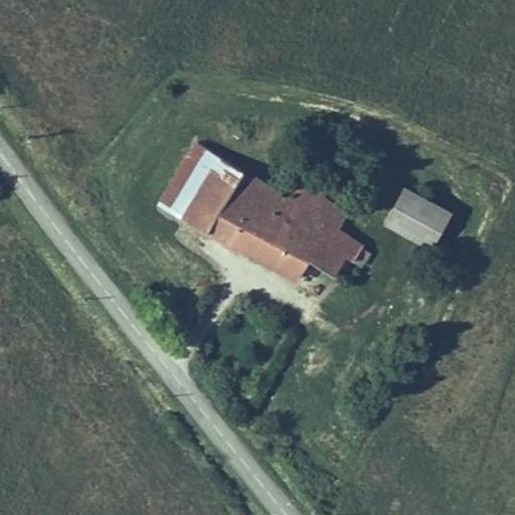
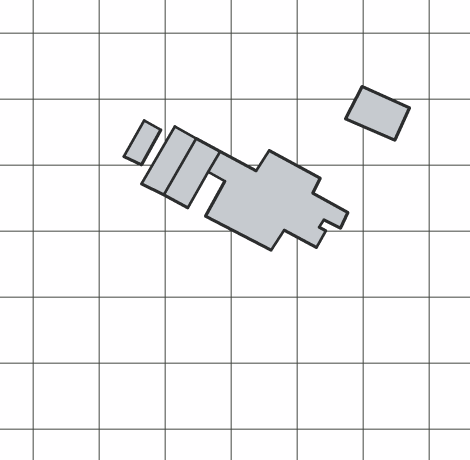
building: [387,179,457,237] -> [346,87,409,140]
building: [207,200,247,248] -> [124,120,161,165]

